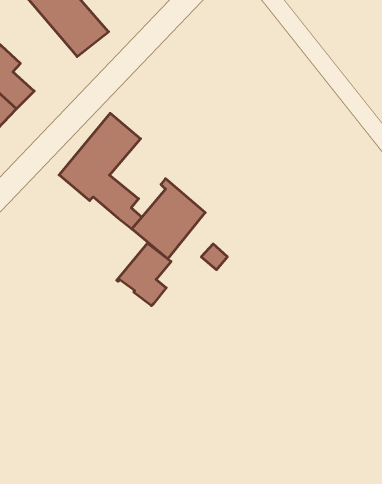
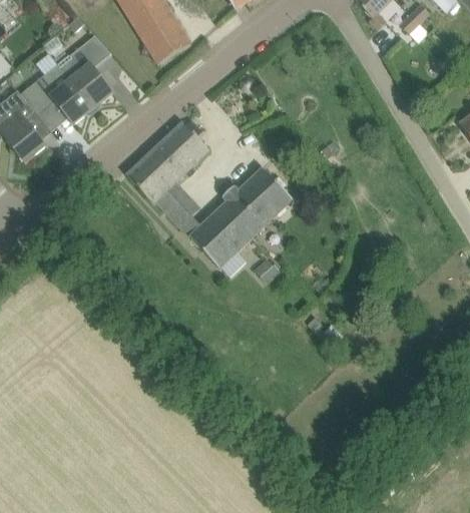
building: none -> [228,166,294,227]
building: [117,243,171,306] -> none

